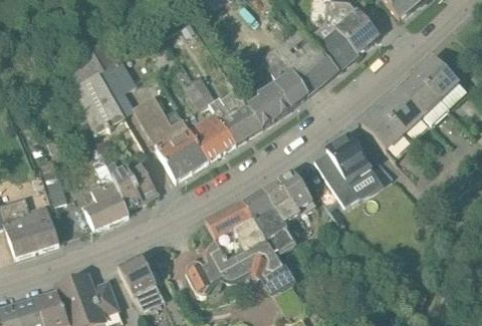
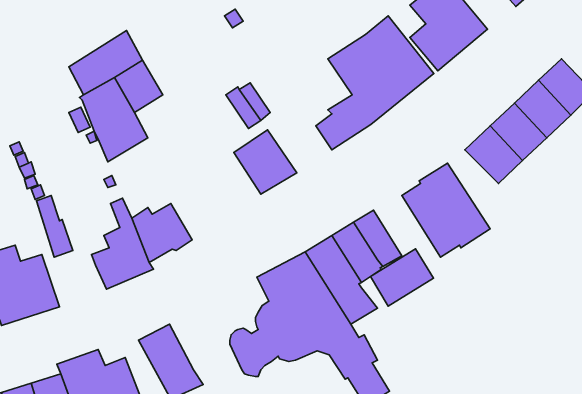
building: [214,93,262,142] -> none
building: [132,94,209,180] -> none
building: none -> [370,249,433,306]

